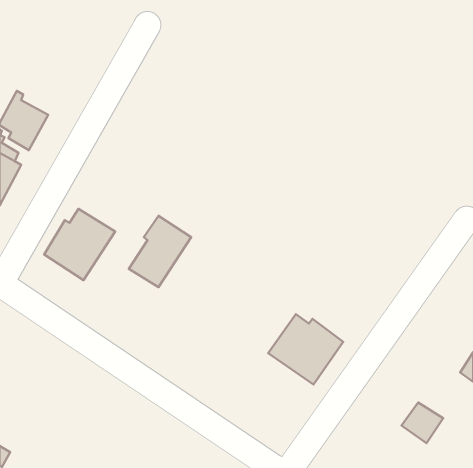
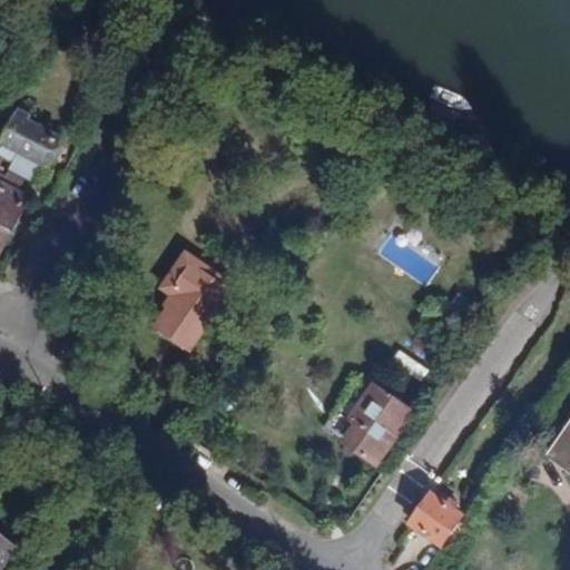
building: [44,209,115,280] -> none
building: [401,402,443,443] -> [410,493,460,542]

